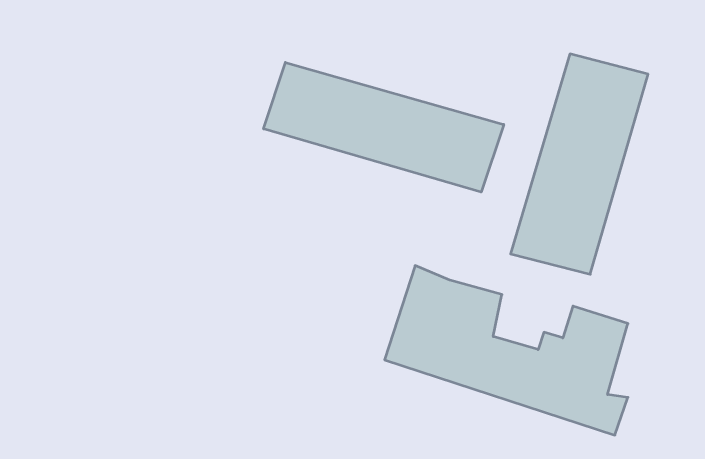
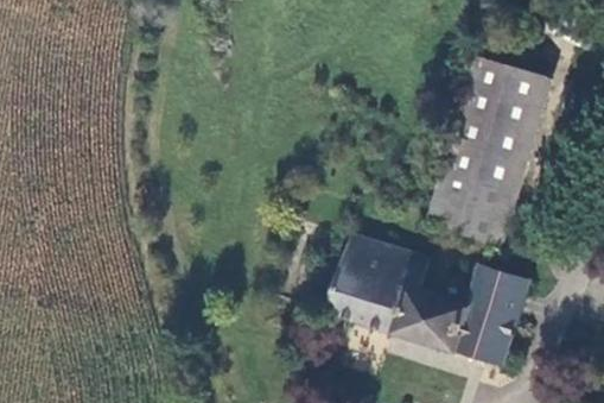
building: [264,62,504,192] -> none

